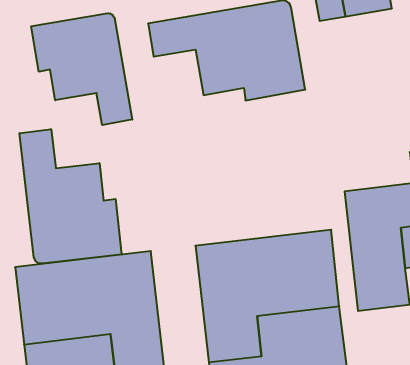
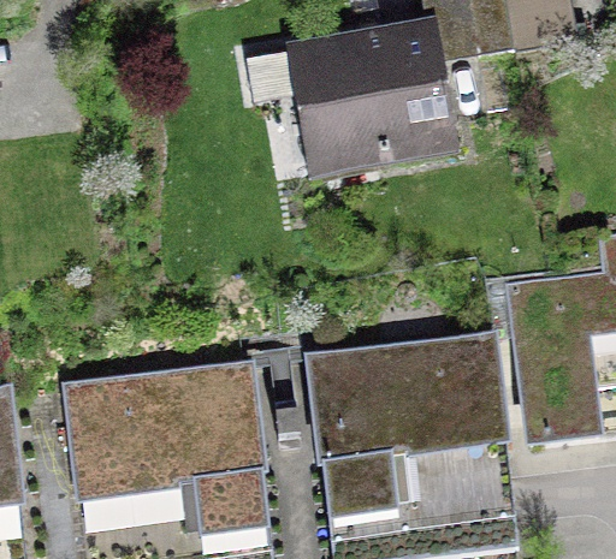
building: [31,13,132,125] -> none
building: [20,129,122,264] -> none

